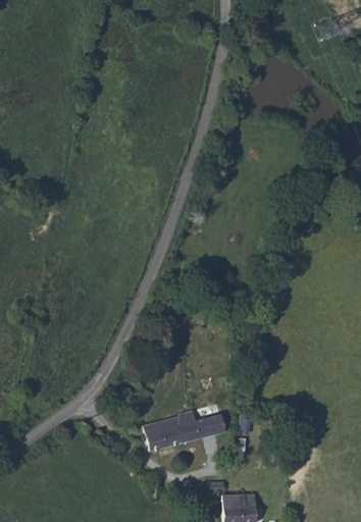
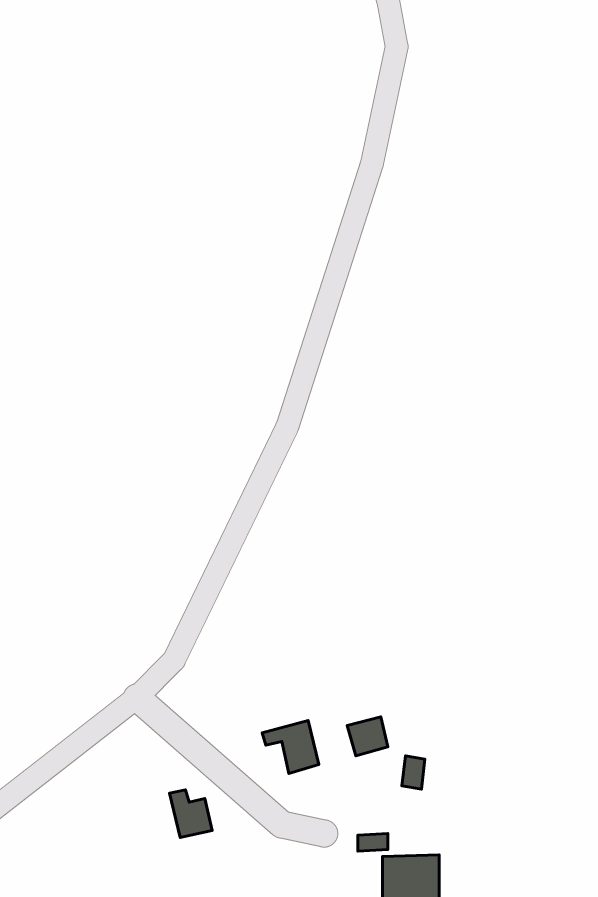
building: [179,411,207,441] -> none
building: [144,423,168,451] -> [170,790,212,837]

